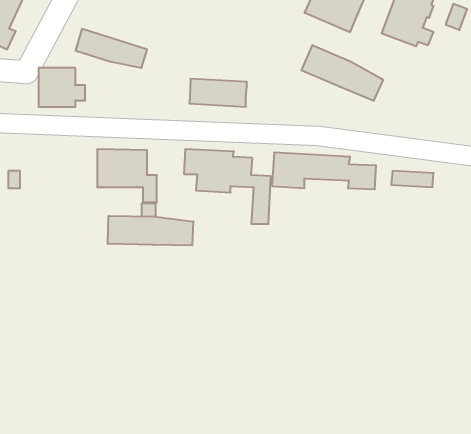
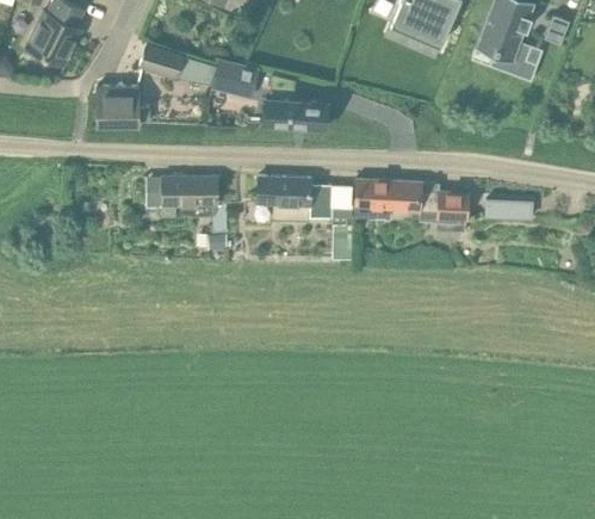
building: none -> [211,61,259,100]
building: [301,45,383,101] -> none
building: [108,216,193,245] -> none

